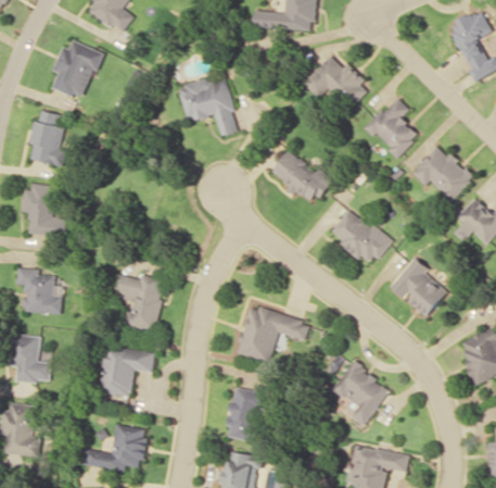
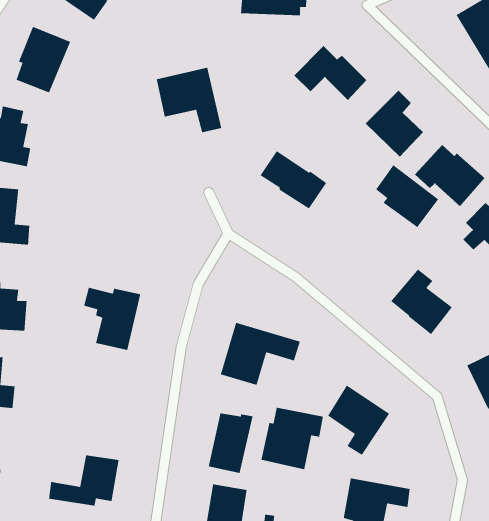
building: [331,209,389,266] -> [375,164,439,228]
building: [101,348,153,396] -> none
building: none -> [261,407,324,470]

